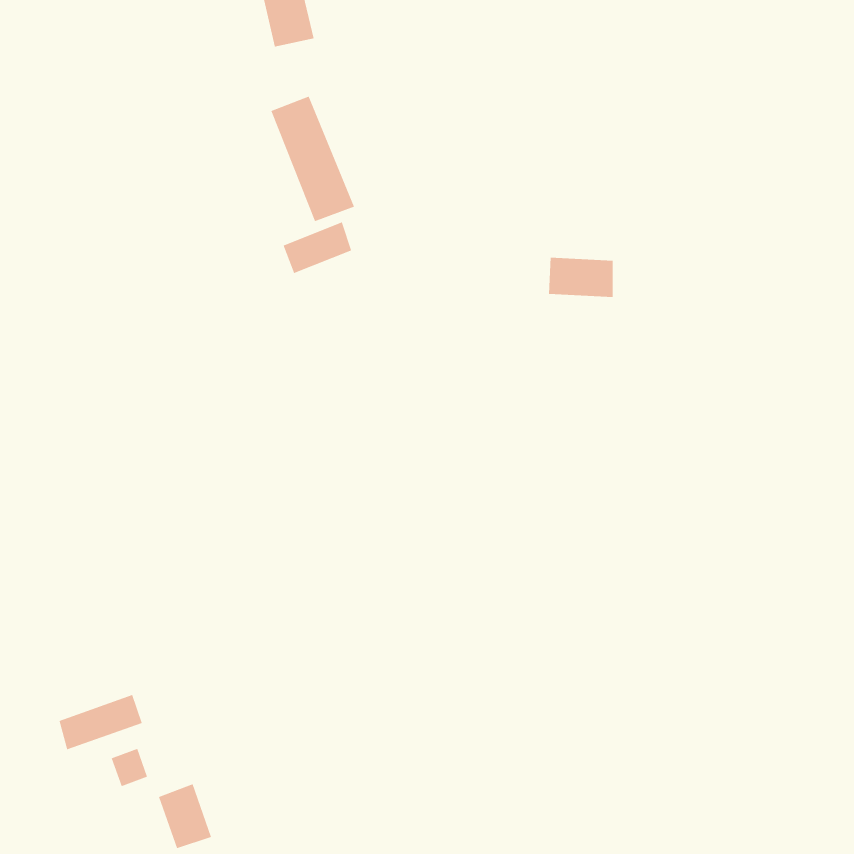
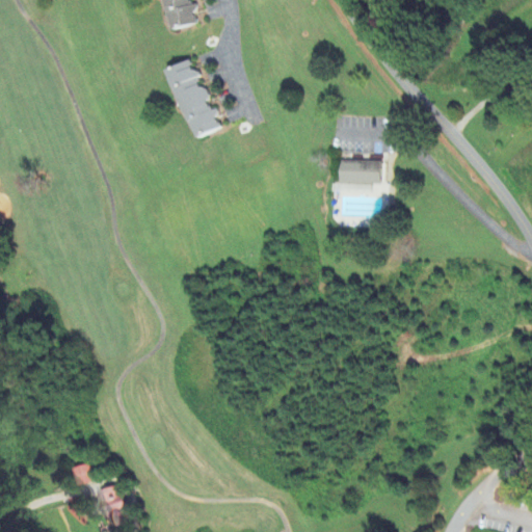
building: [283,222,352,274] -> none
building: [59,694,143,750] -> none

